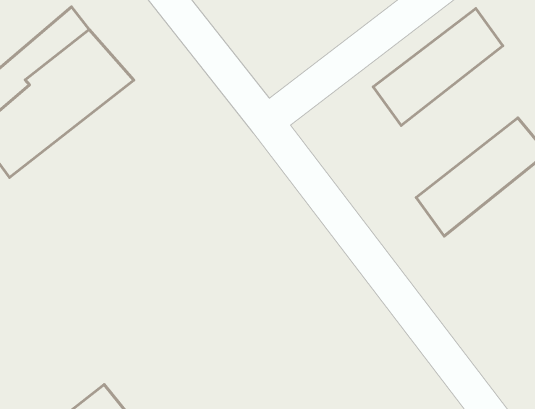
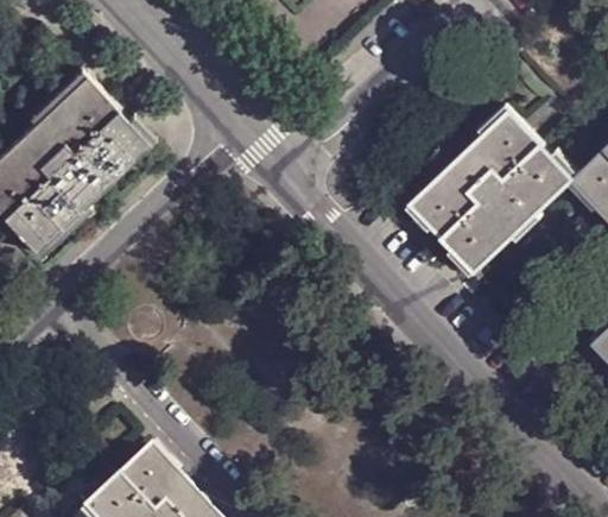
building: [373,8,503,126] -> [417,107,545,233]

